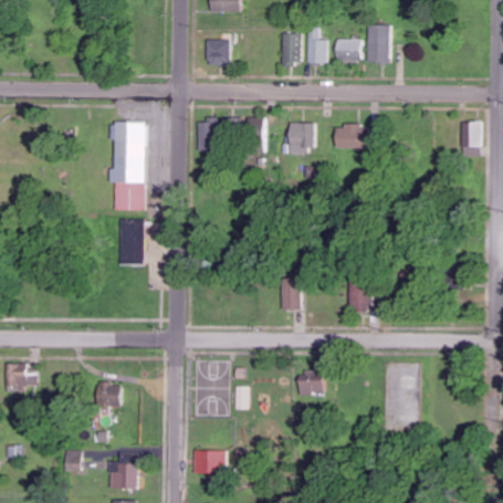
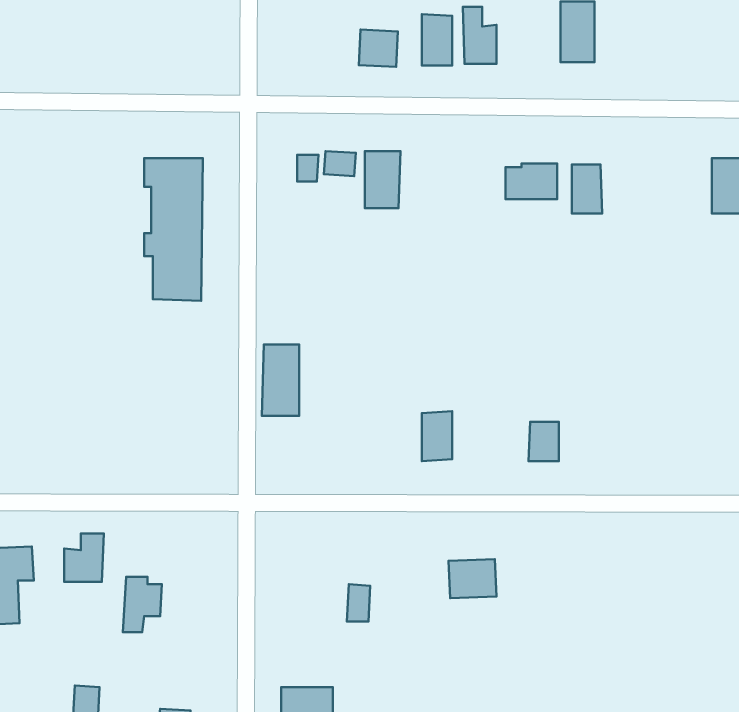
building: [203,39,228,62] -> [359,30,398,67]
building: [334,39,363,61] -> none
building: [287,122,313,151] -> none
building: none -> [572,165,602,214]
building: [119,220,143,264] -> [262,345,299,416]
building: none -> [64,533,104,582]

